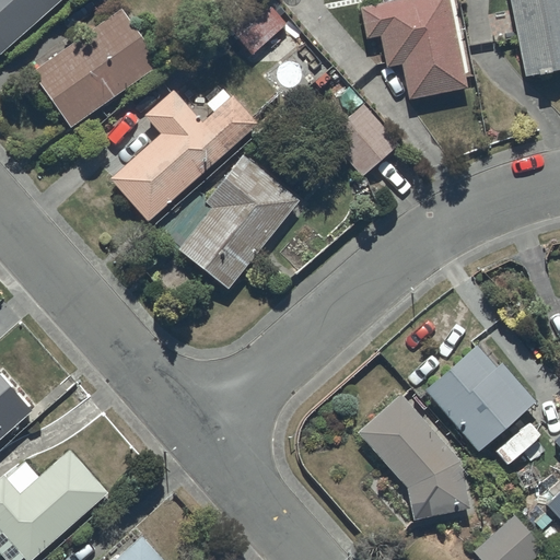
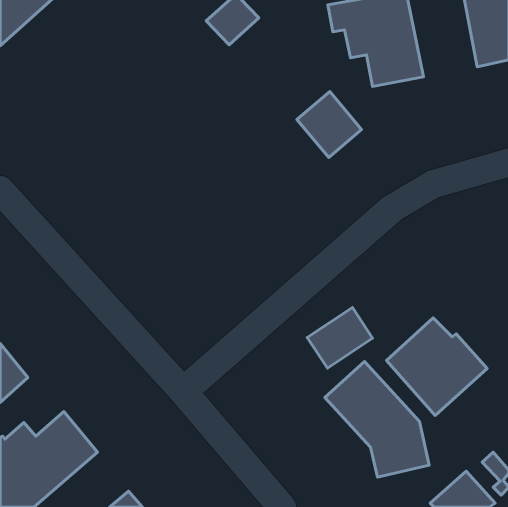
building: [32,7,160,125] -> none
building: [110,86,257,219] -> none
building: [177,161,298,289] -> none
building: none -> [307,307,373,368]

